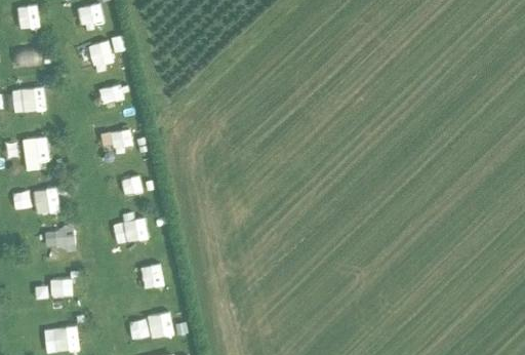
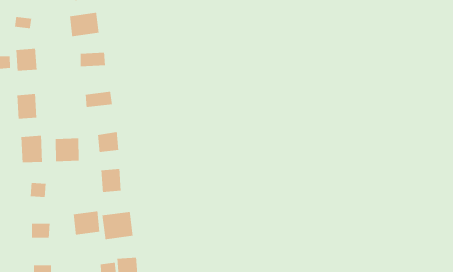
building: none -> [55,138,80,162]
building: none -> [73,210,100,235]

